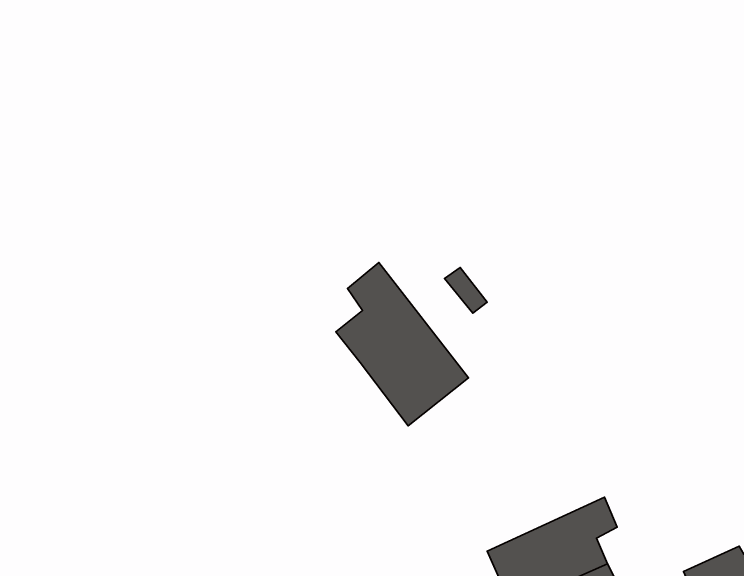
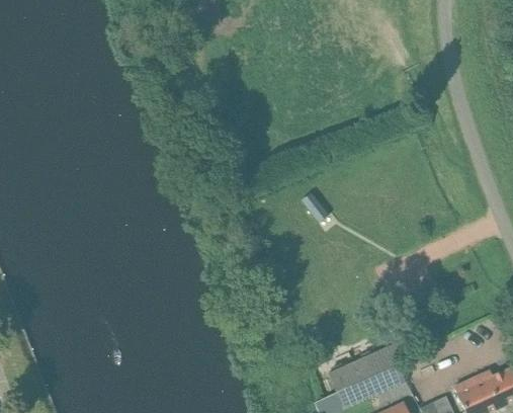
building: [336,263,468,426] -> none

